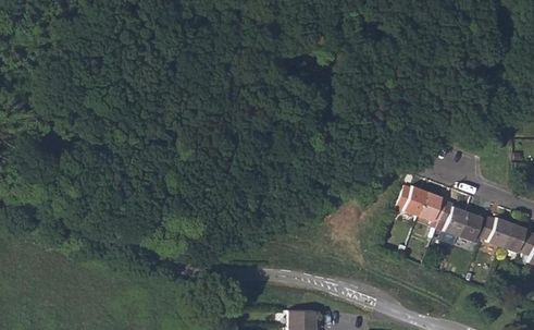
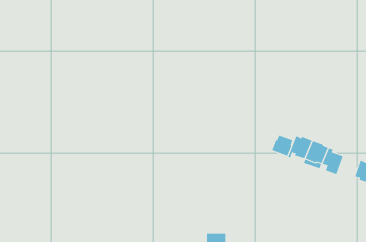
building: none -> [271,135,293,157]
building: [459,211,489,240] -> none

